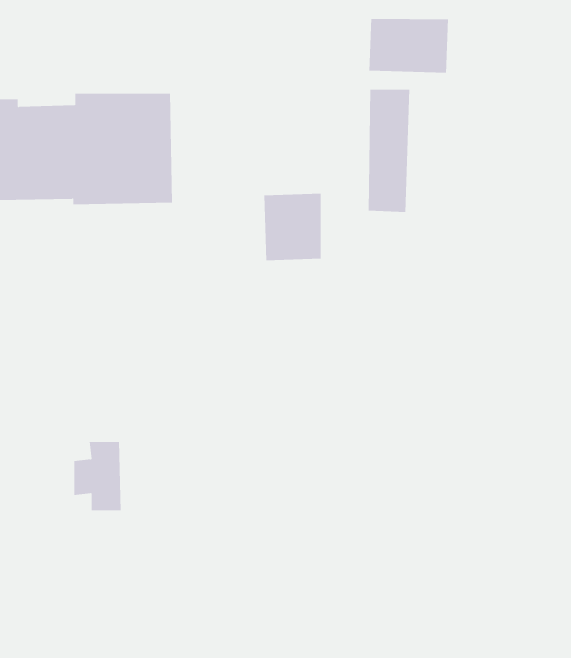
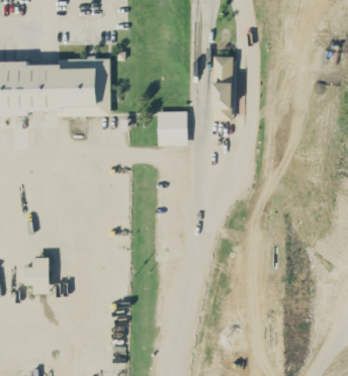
building: [369,18,449,74] -> none
building: [73,442,122,511] -> [24,257,50,293]

